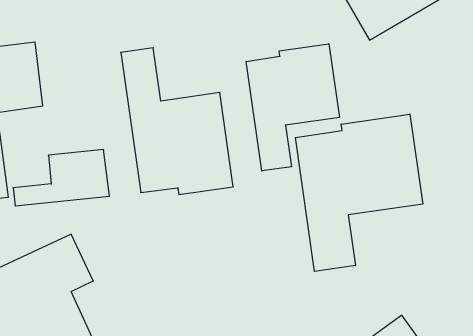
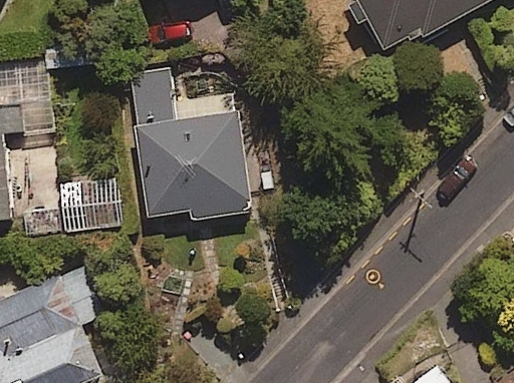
building: [246,44,339,171] -> none
building: [295,114,423,271] -> none

